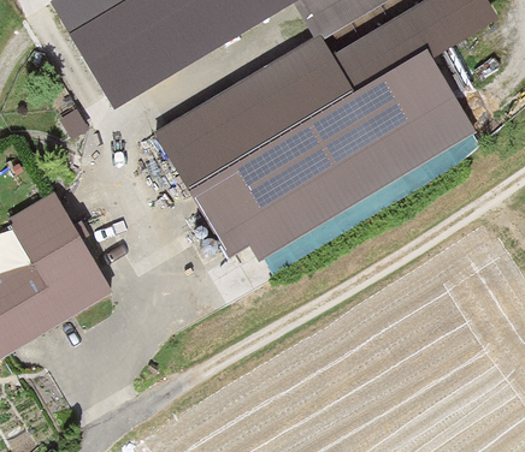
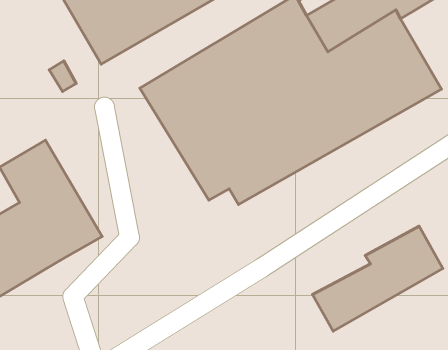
building: none -> [312,226,443,331]

